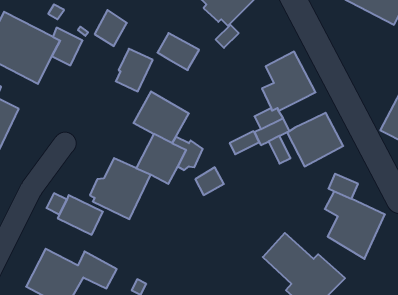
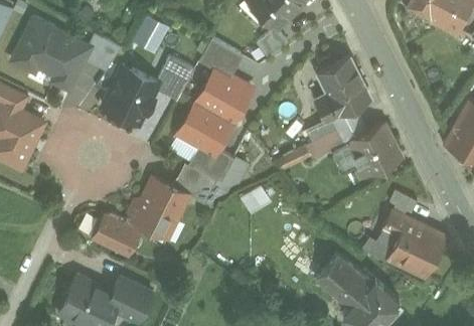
building: none -> [100,61,160,127]
building: none -> [193,66,256,126]
building: none -> [332,110,369,145]
building: none -> [360,229,397,260]

